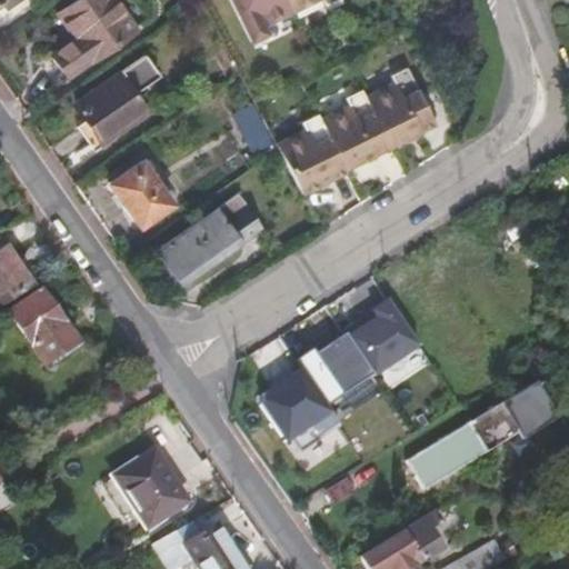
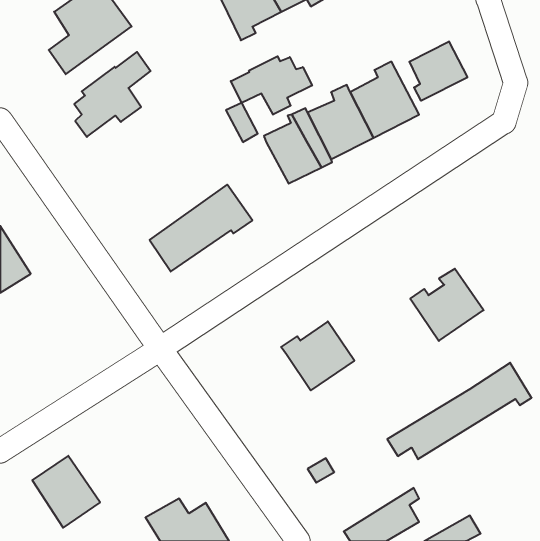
building: none -> [409,41,467,101]
building: none -> [231,56,312,115]
building: [113,161,172,224] -> none
building: [9,290,78,366] -> none
building: [343,302,420,378] -> [410,269,484,341]
building: [262,371,342,456] -> none
building: [116,451,187,527] -> [32,456,100,528]

